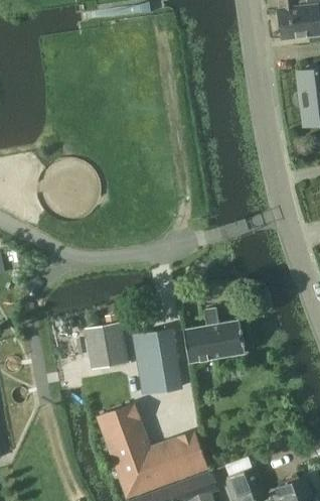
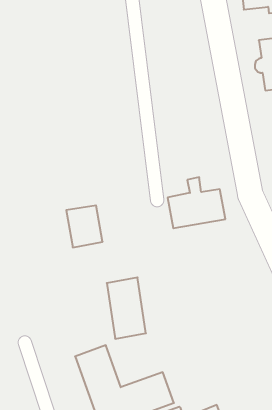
building: [183,306,246,362] -> [168,177,225,228]
building: [88,323,127,368] -> [66,205,103,247]

